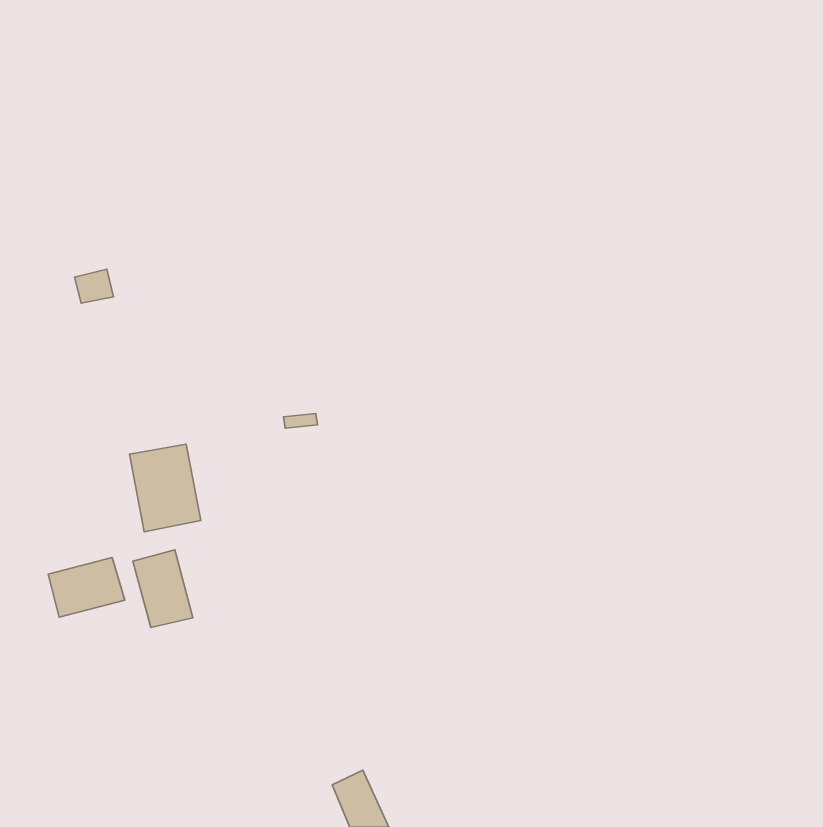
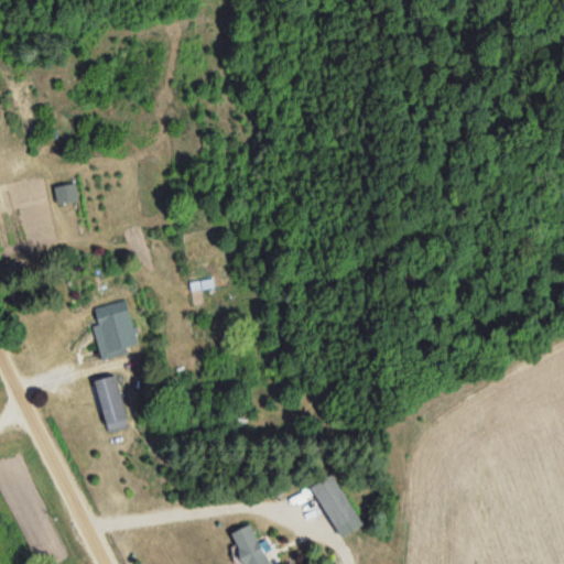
building: [48,558,125,617] -> none
building: none -> [311,474,359,538]

